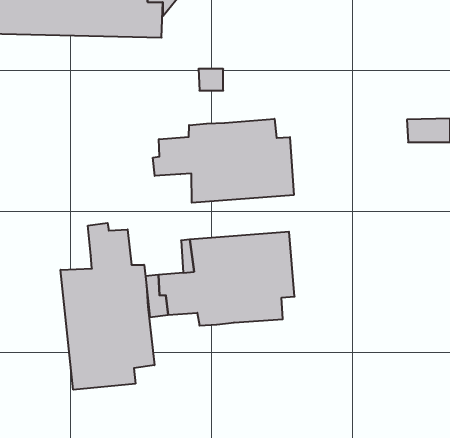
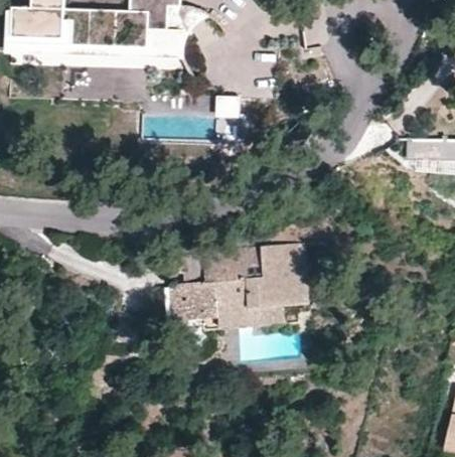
building: [153,119,294,203] -> none
building: [61,223,154,390] -> none

